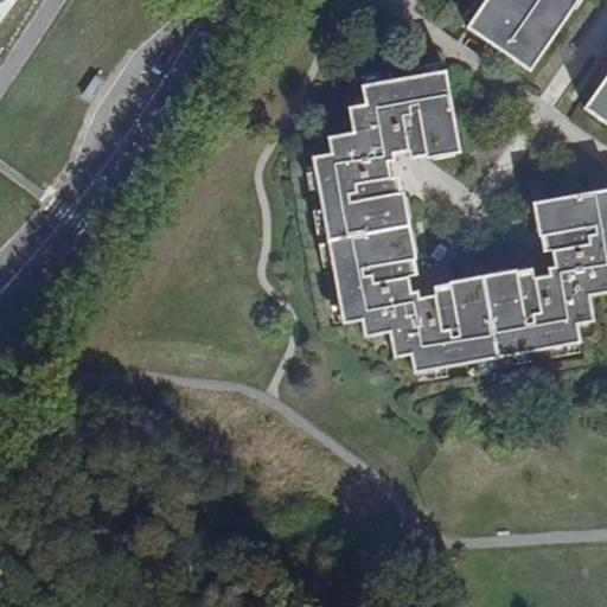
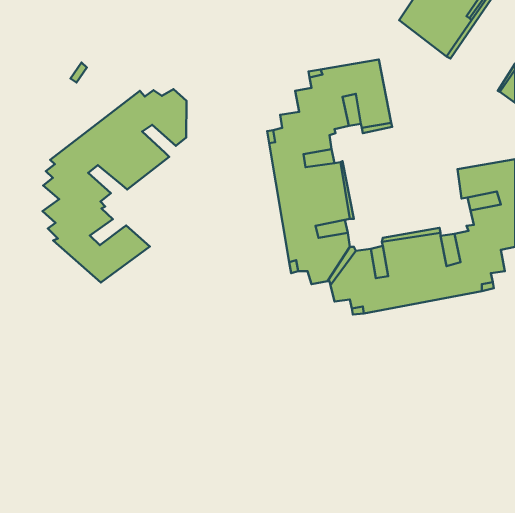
building: none -> [43,89,186,282]

